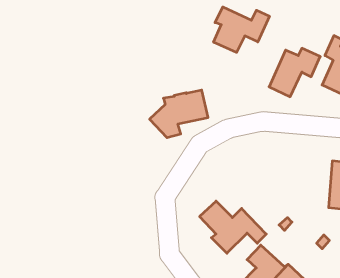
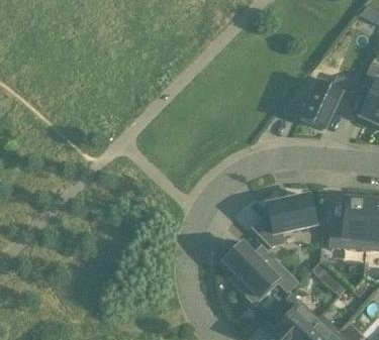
building: [214,7,269,52] -> none
building: [150,90,208,138] -> [251,195,315,247]
building: none -> [328,197,370,251]

